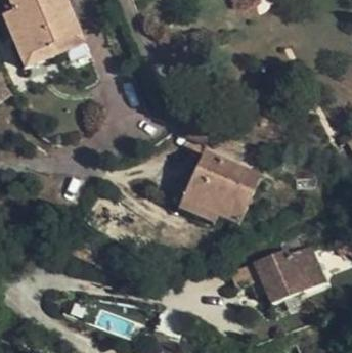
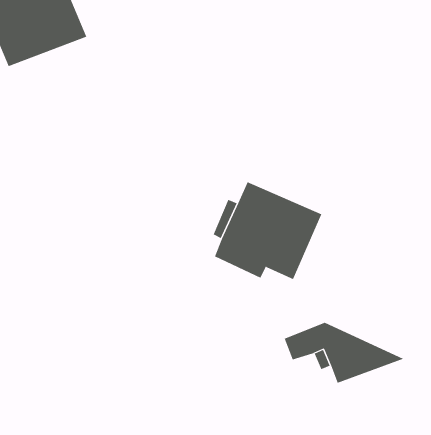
building: [262,245,325,284] -> none

